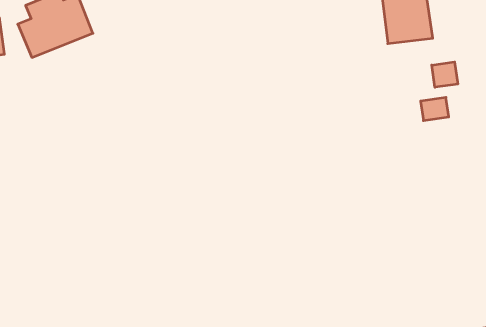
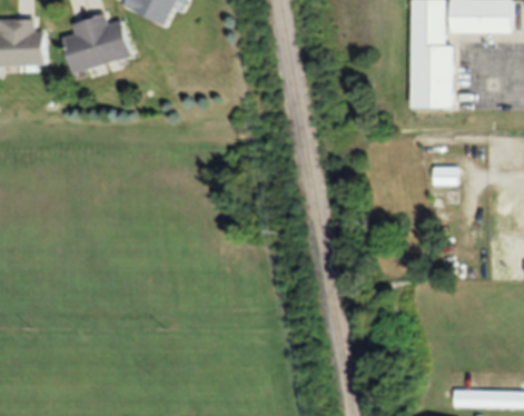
building: [432,62,458,87] -> none

